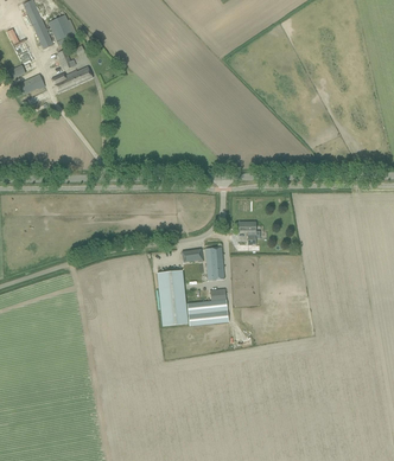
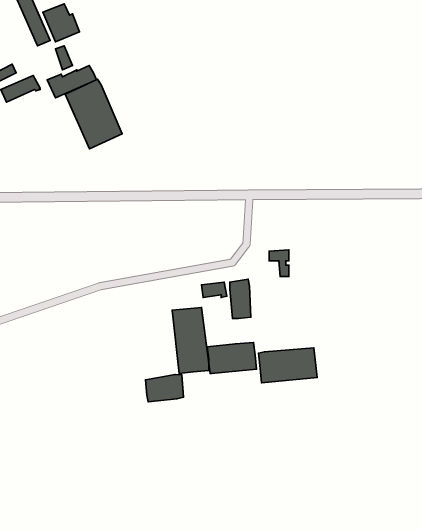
building: none -> [65,79,122,149]
building: none -> [258,348,317,383]
building: none -> [145,375,183,402]

